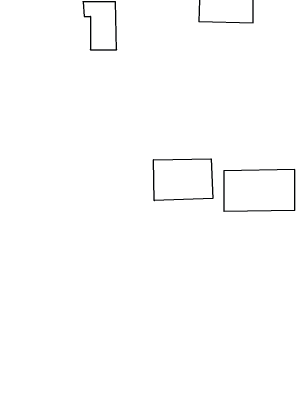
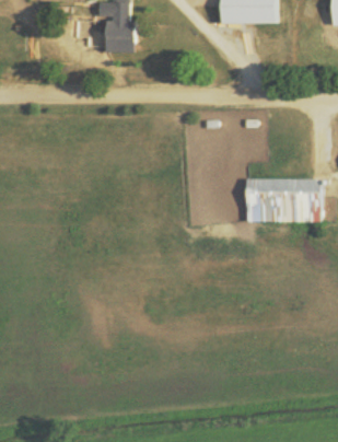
building: [154,159,213,201] -> none

